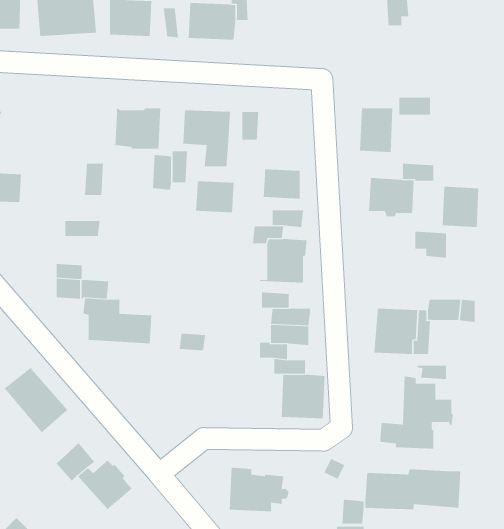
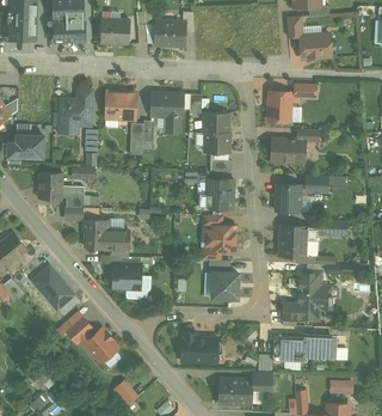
building: none -> [298,35,331,60]
building: none -> [58,90,91,133]
building: [195,181,235,213] -> [202,112,228,134]
building: [442,186,479,227] -> [275,184,300,212]
building: none -> [38,172,61,198]
building: none -> [111,263,140,289]

